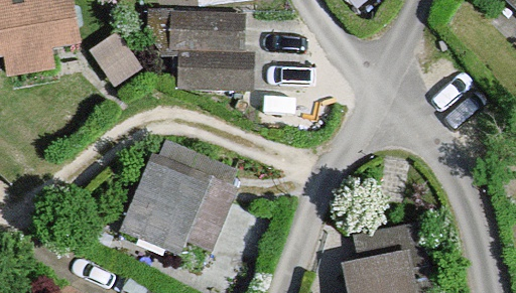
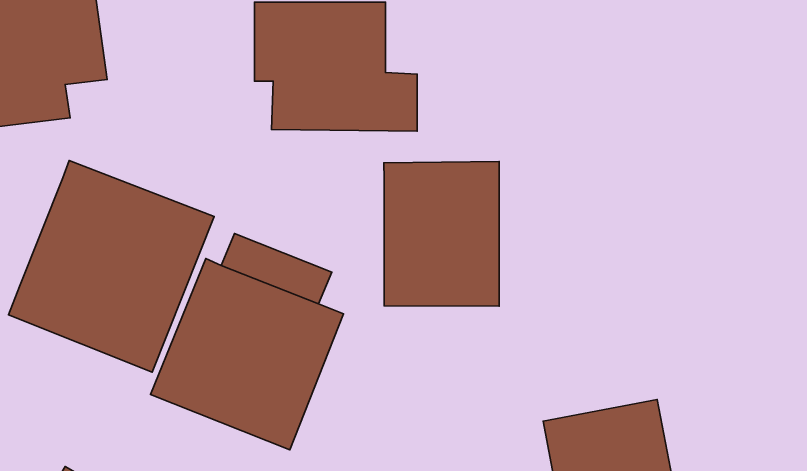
building: none -> [8,160,214,372]
building: none -> [384,161,499,306]

